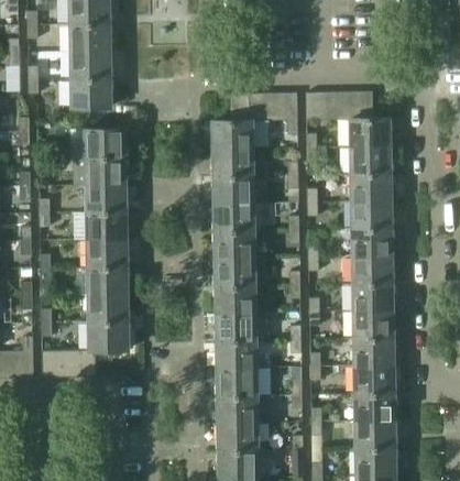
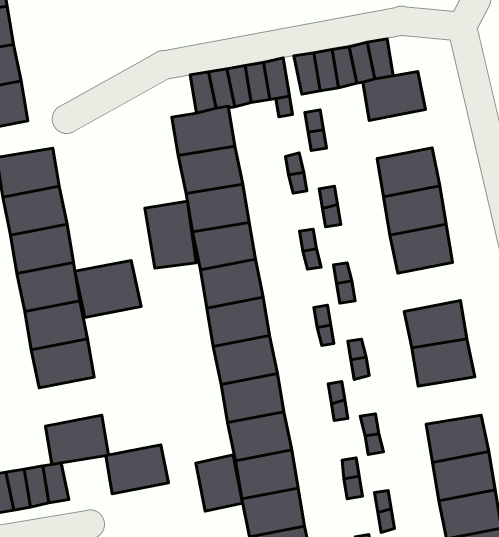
building: [350,145,391,174] -> none
building: none -> [145,201,196,268]
building: none -> [75,260,141,318]
building: [352,255,393,284] -> none
building: [88,294,129,323] -> [106,445,169,494]
building: [353,338,394,365] -> none
building: none -> [196,455,243,511]

